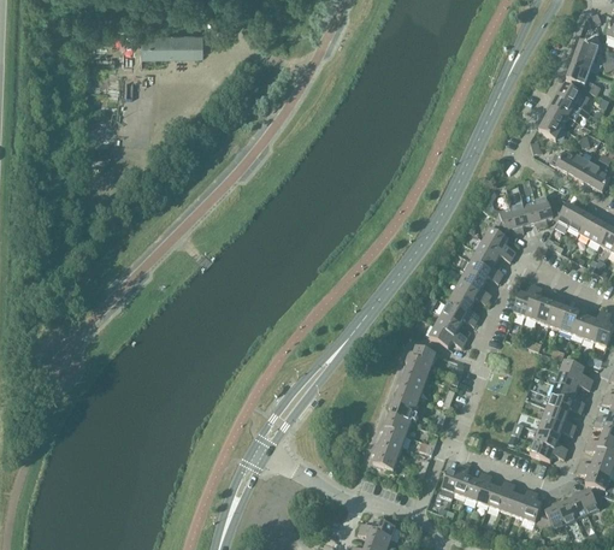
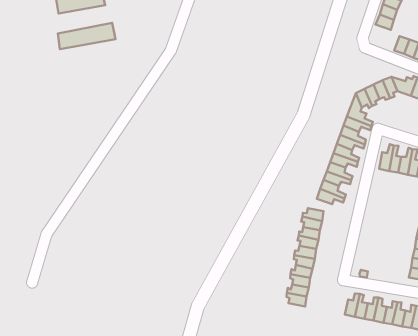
building: none -> [58,23,115,49]

